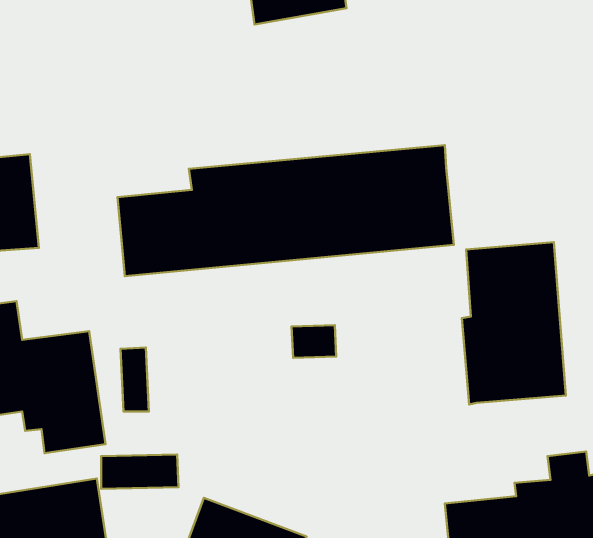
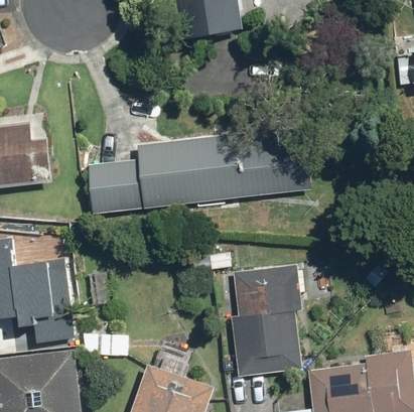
building: [462,242,566,404] -> [230,265,300,375]

